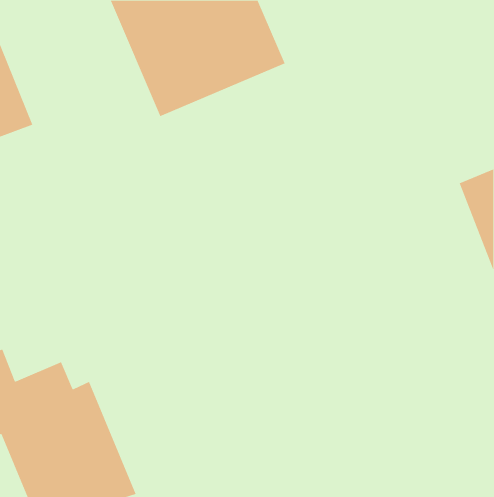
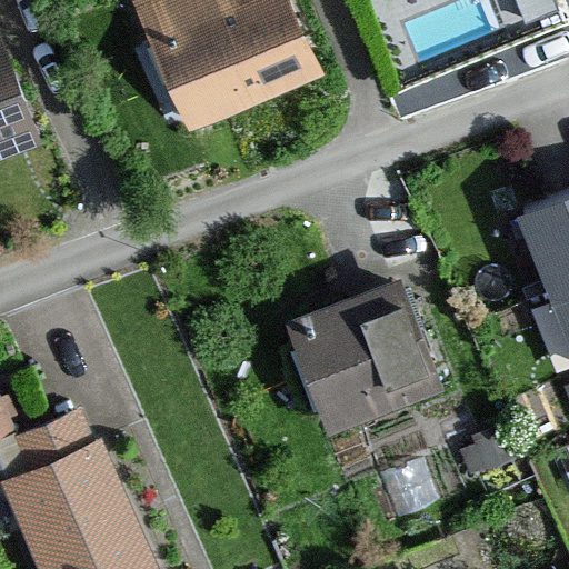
building: none -> [289,280,440,431]

